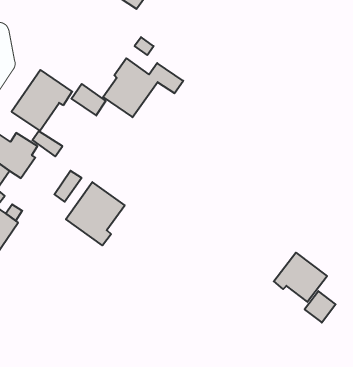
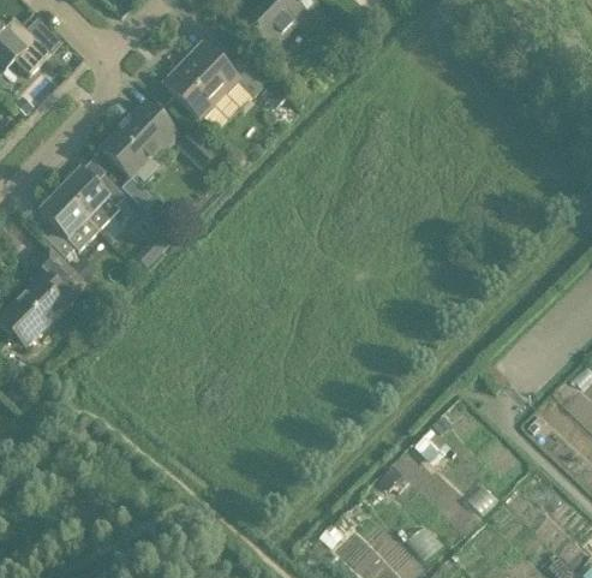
building: [103,58,183,117] -> [167,43,267,115]
building: [66,182,125,245] -> none
building: [274,253,327,302] -> none

